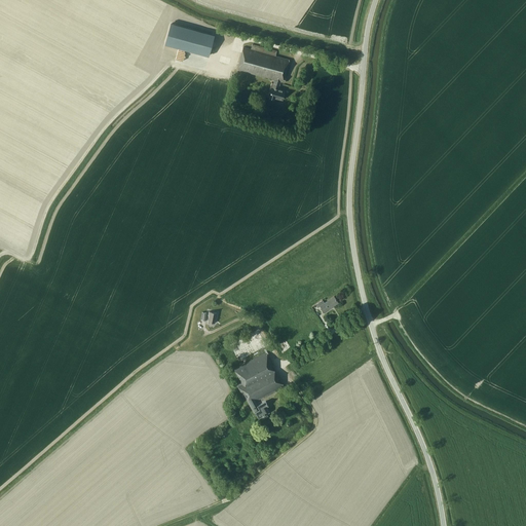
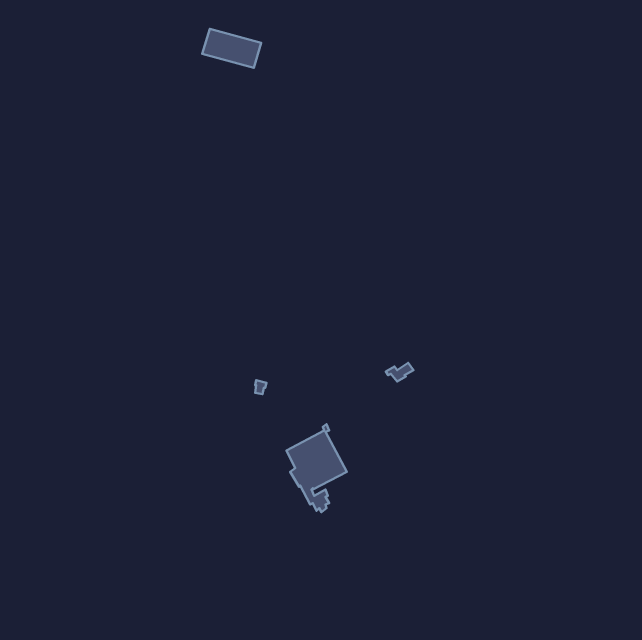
building: [236,45,289,101] -> none

